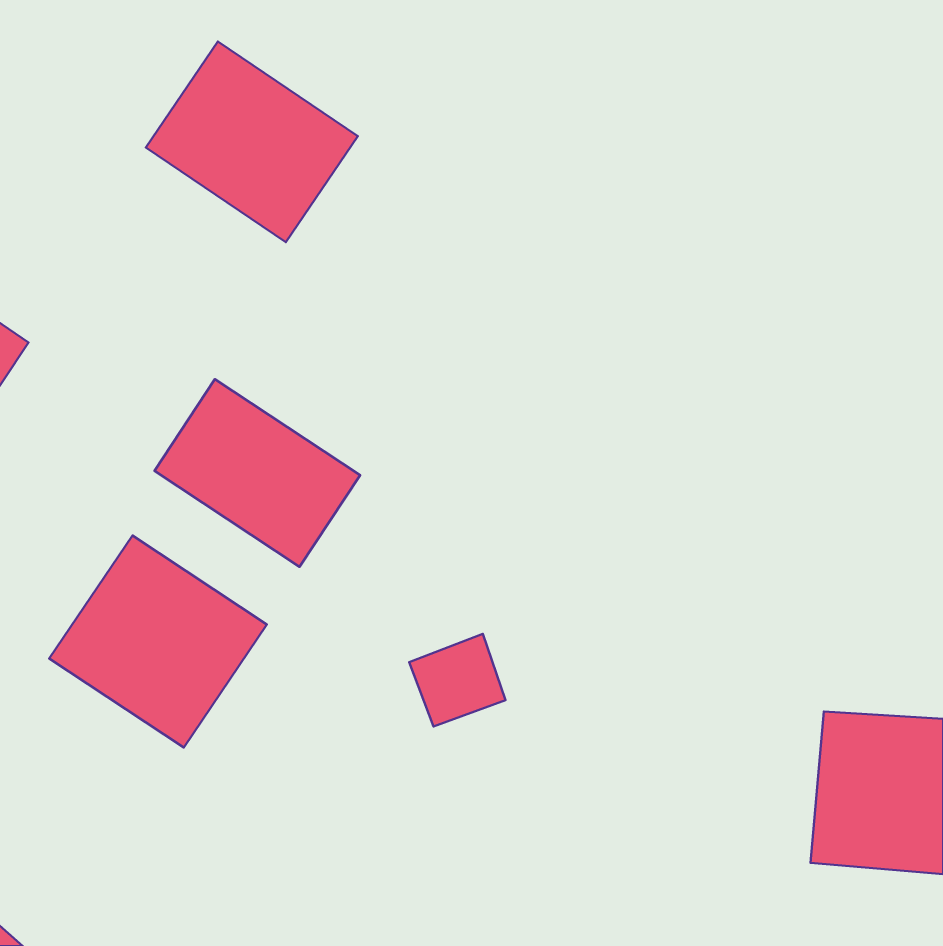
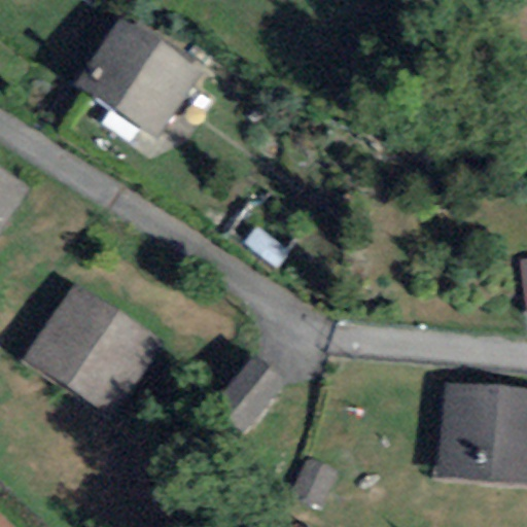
building: [155,379,360,567] -> none

